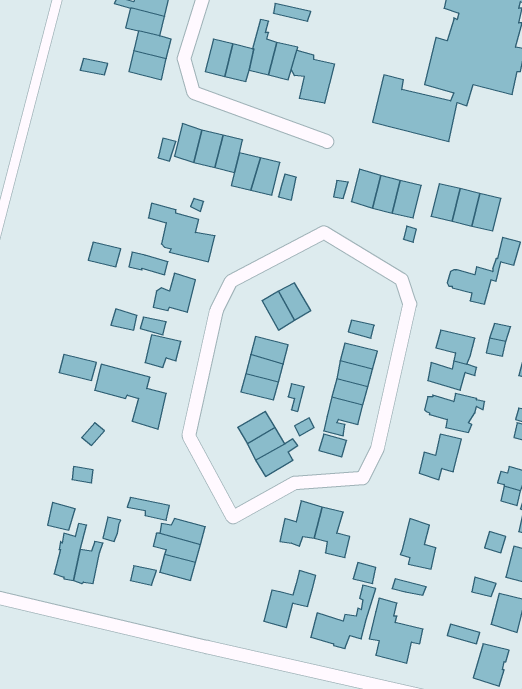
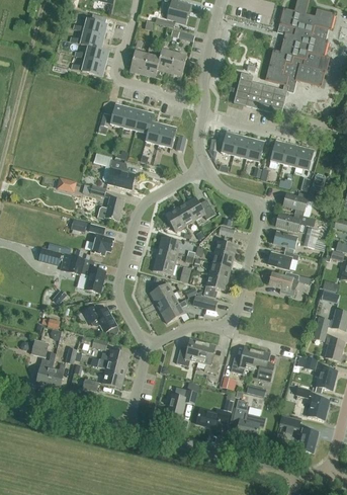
building: [291,50,334,103] -> none
building: none -> [185,196,214,220]
building: none -> [275,214,315,231]
building: [419,434,461,480] -> [231,346,257,375]
building: none -> [82,306,118,335]

